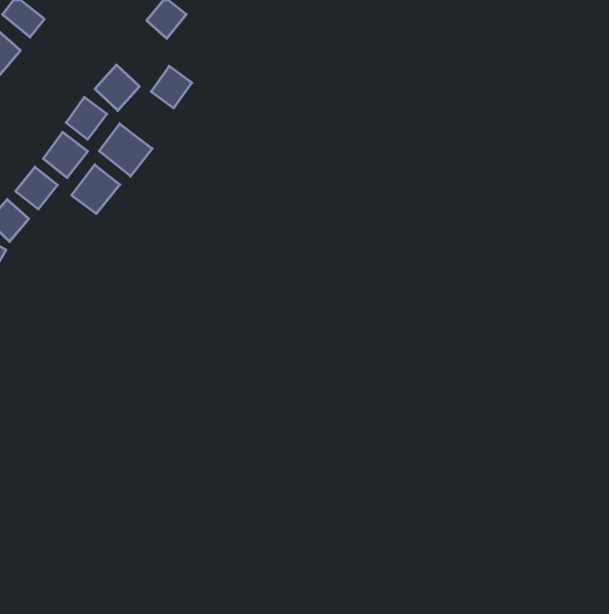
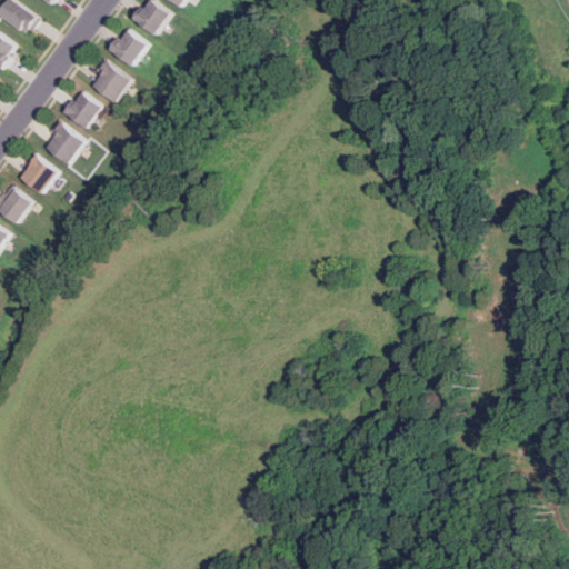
building: [151,66,192,108] -> [110,28,148,67]
building: [99,124,152,176] -> none
building: [72,165,120,214] -> none

